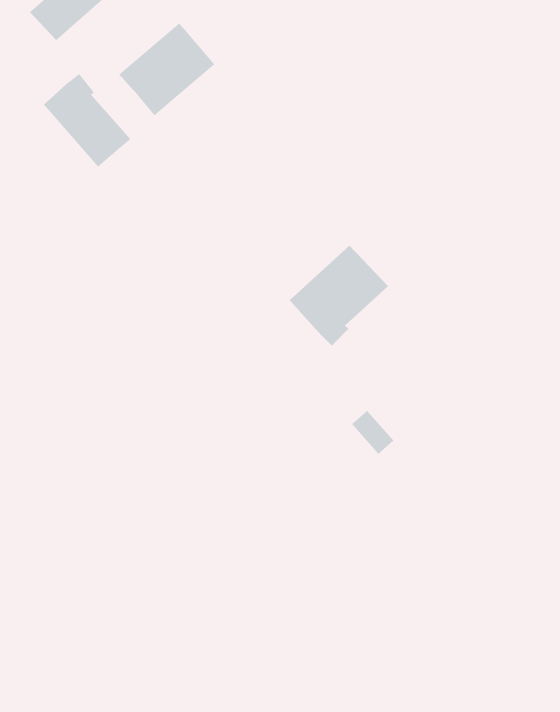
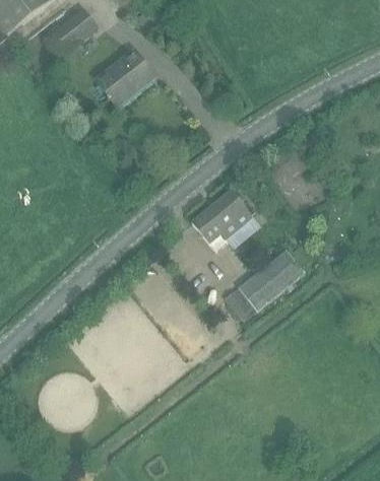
building: [43,73,131,167] -> none
building: none -> [238,249,304,311]

